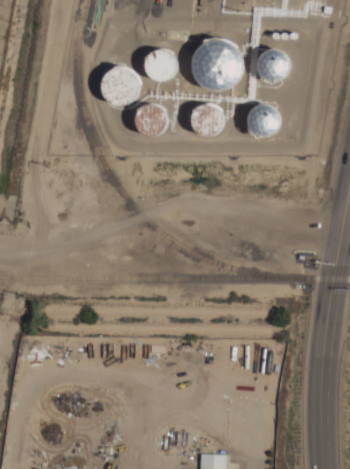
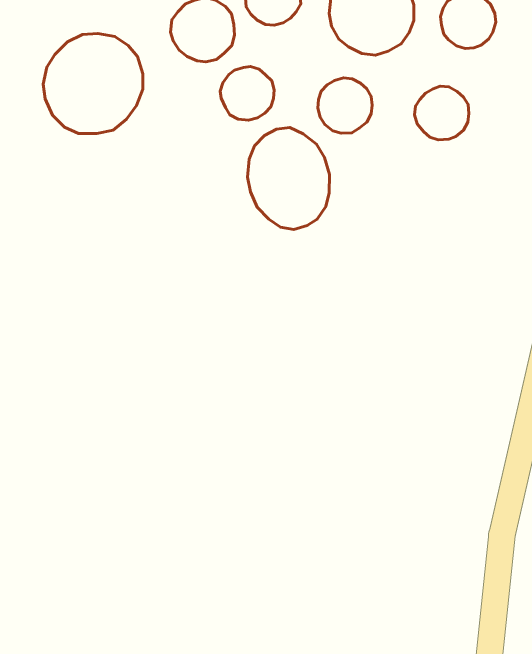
building: none -> [43,34,143,134]
building: none -> [247,128,329,229]

